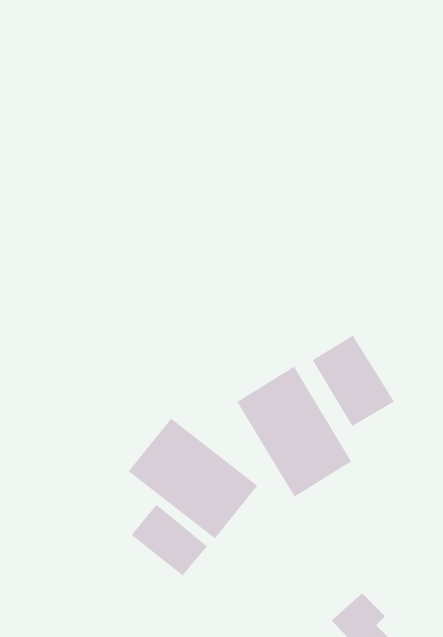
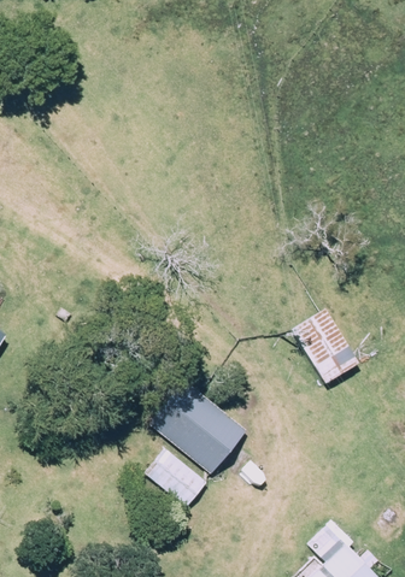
building: [237,366,352,497] -> none

